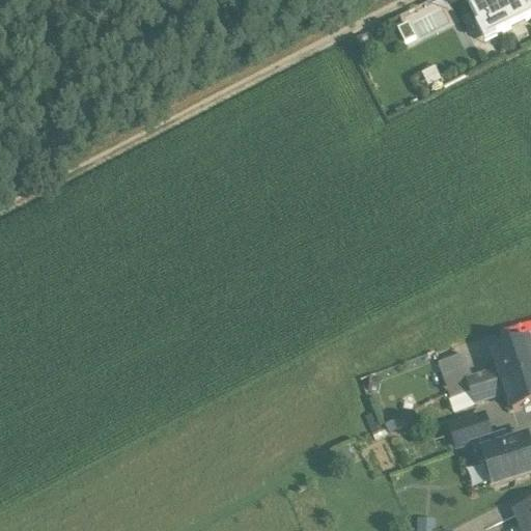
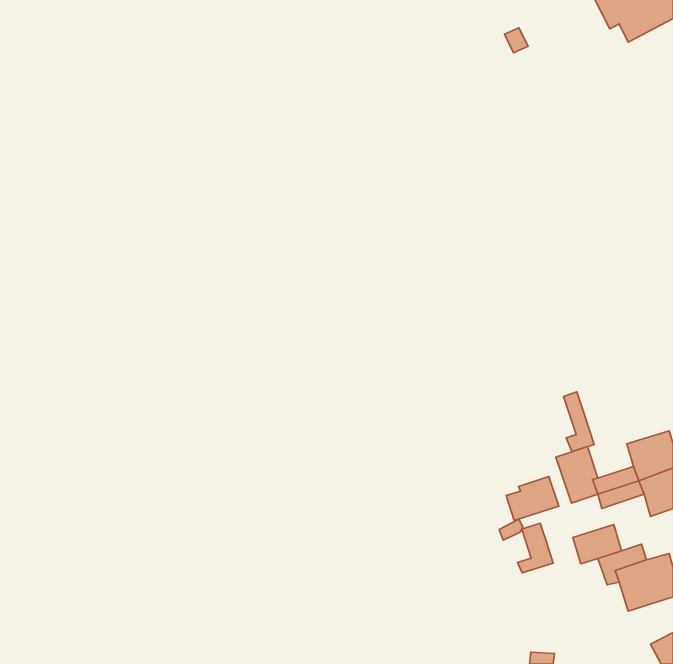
building: none -> [563,392,594,451]
building: none -> [506,476,559,521]
building: none -> [517,523,553,573]

